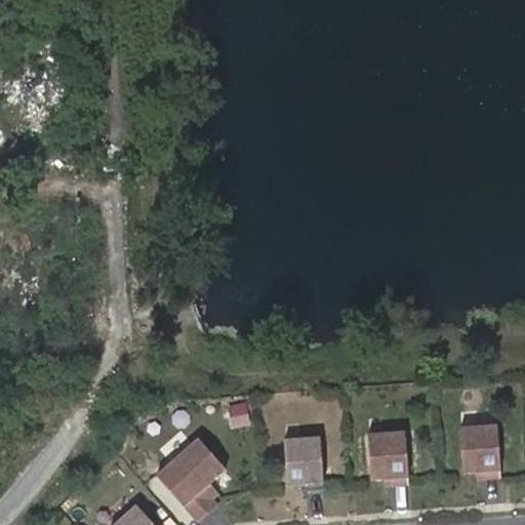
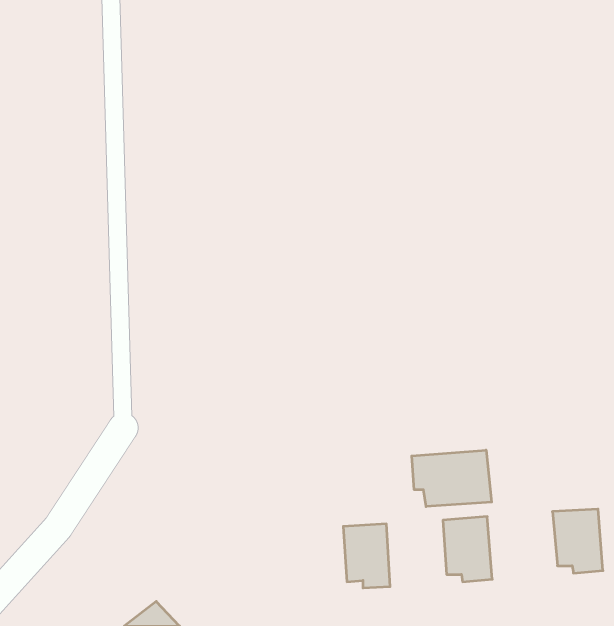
building: none -> [412,450,492,507]
building: [152,435,218,516] -> none

